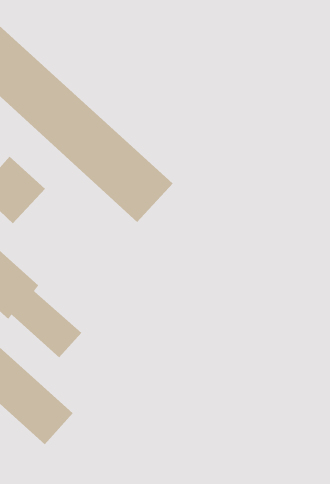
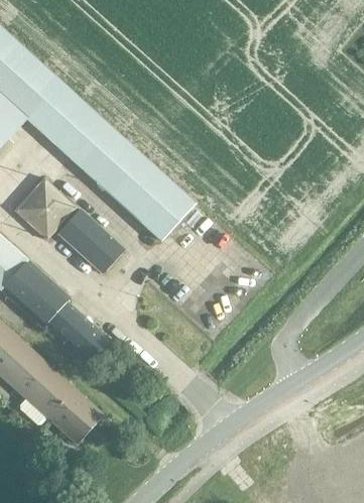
building: none -> [54,208,122,273]

